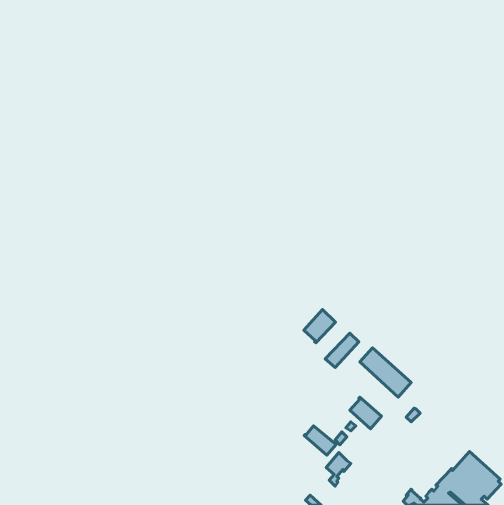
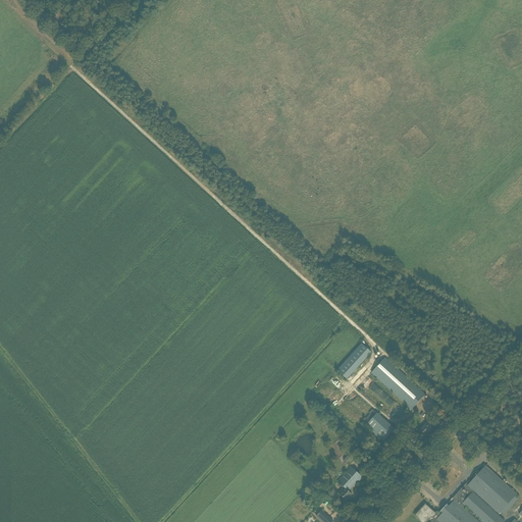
building: [304,309,336,343] -> none
building: [304,426,336,455] -> none

